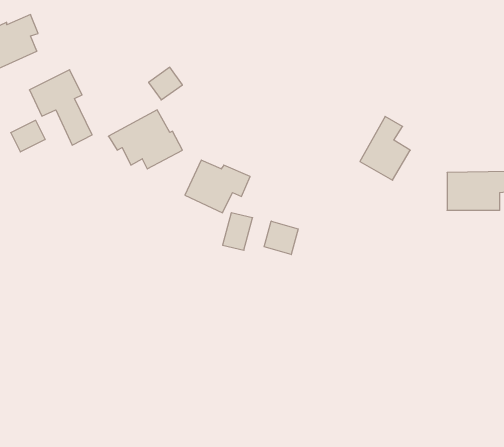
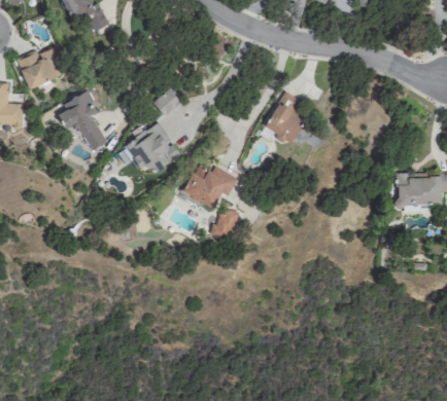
building: [360,116,410,180] -> [265,92,306,144]
building: [11,120,45,152] -> none
building: [264,221,298,255] -> none

